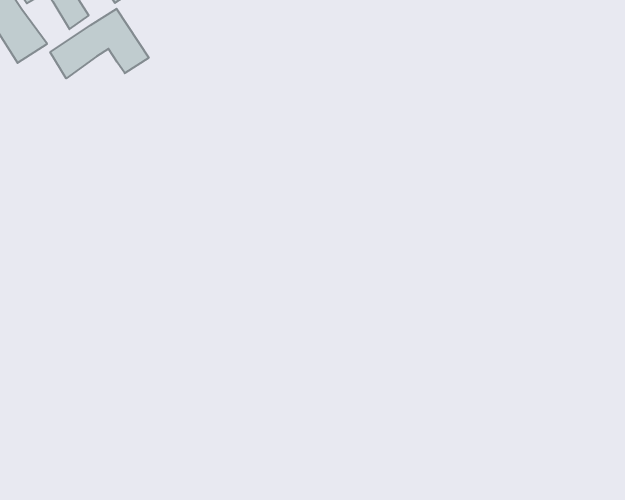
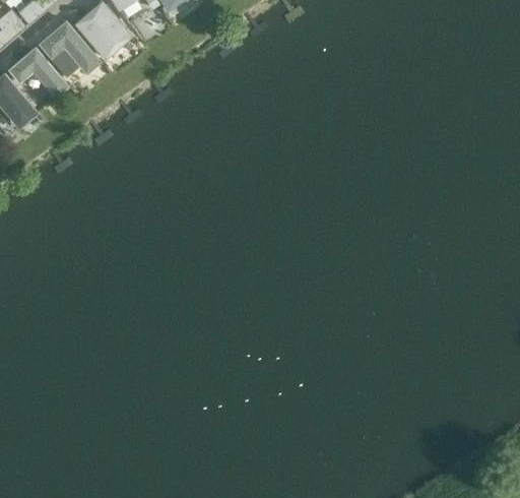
building: [50,9,149,78] -> none

